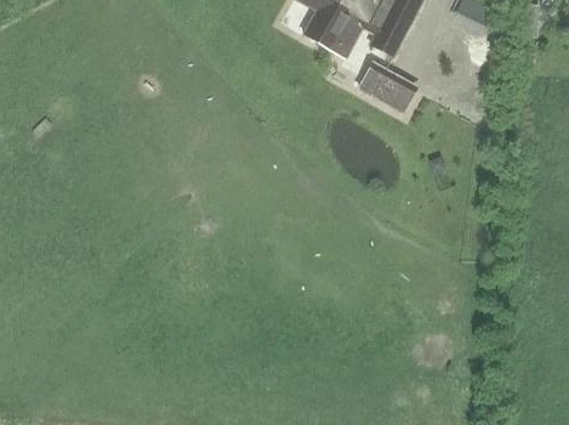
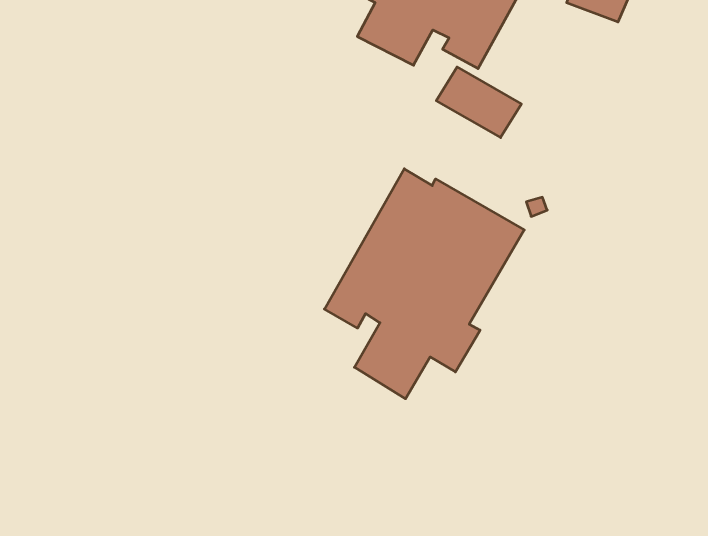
building: none -> [324,169,524,399]

